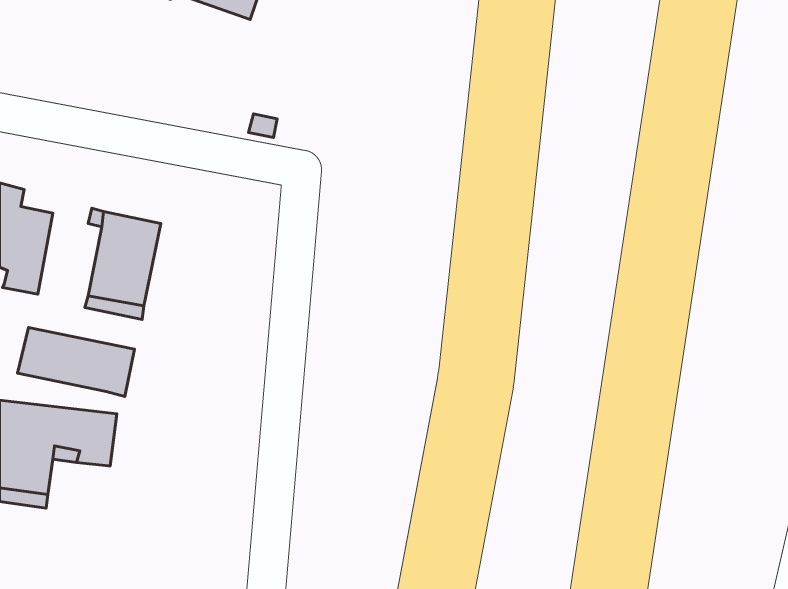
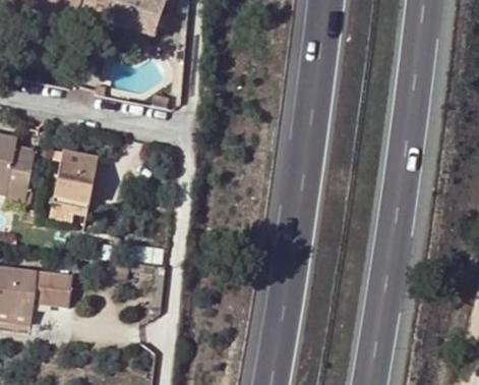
building: [18,327,135,397] -> none

